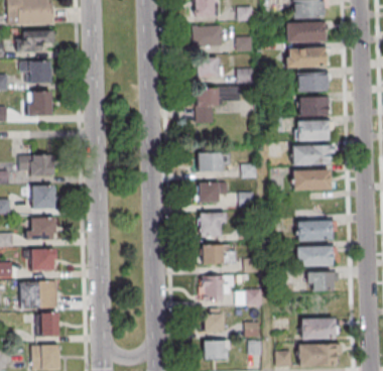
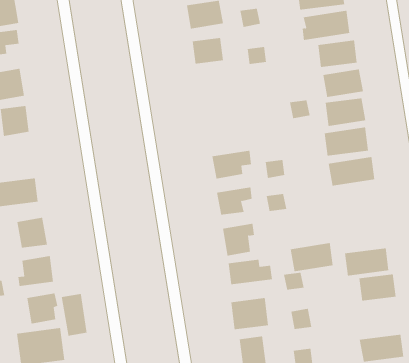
building: [195,86,237,121] -> none
building: [297,221,332,241] -> [290,243,334,272]
building: none -> [61,293,87,337]

